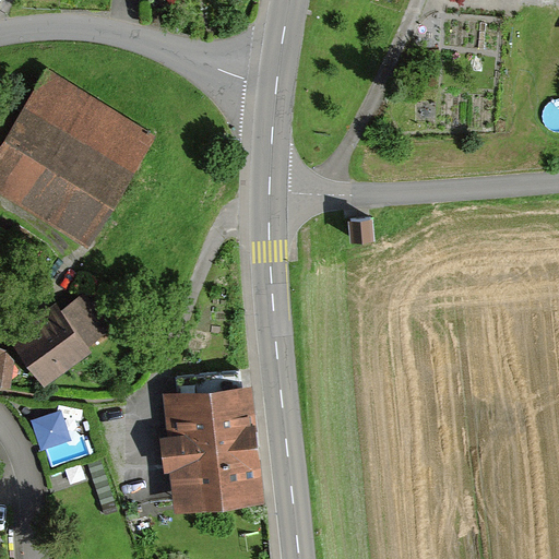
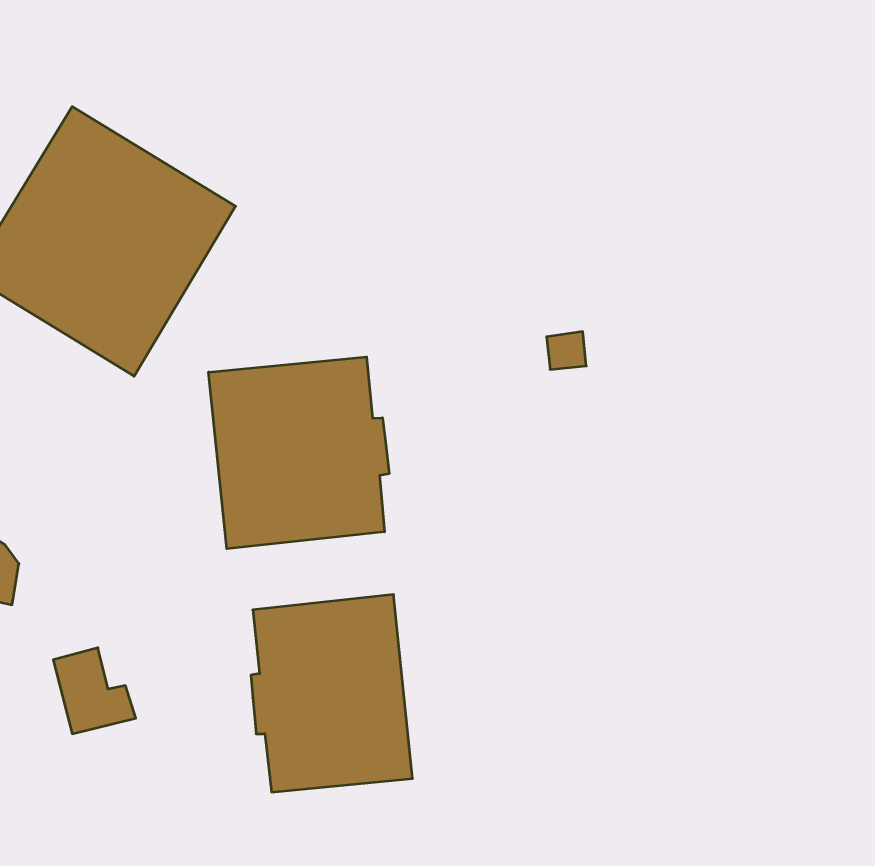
building: none -> [209,357,389,549]
building: [12,295,111,385] -> none

